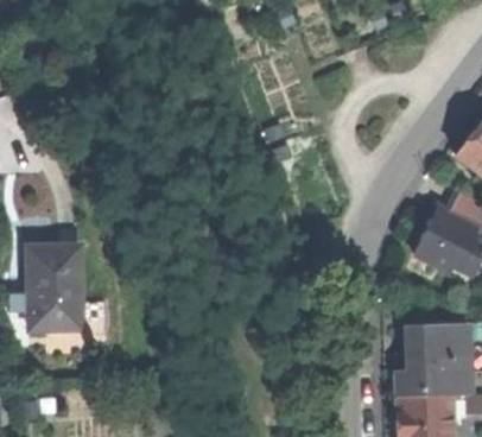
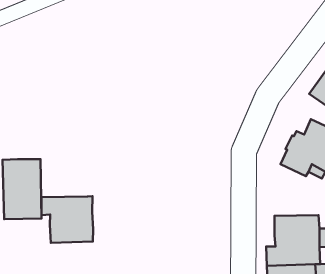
building: none -> [41,196,93,243]

